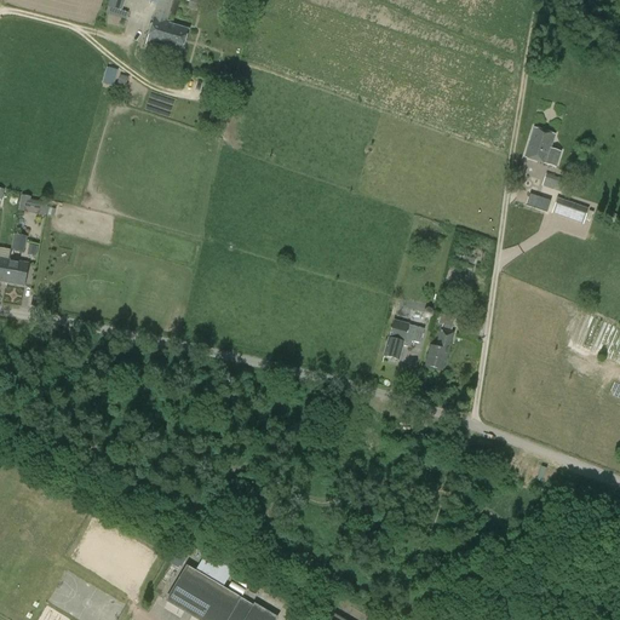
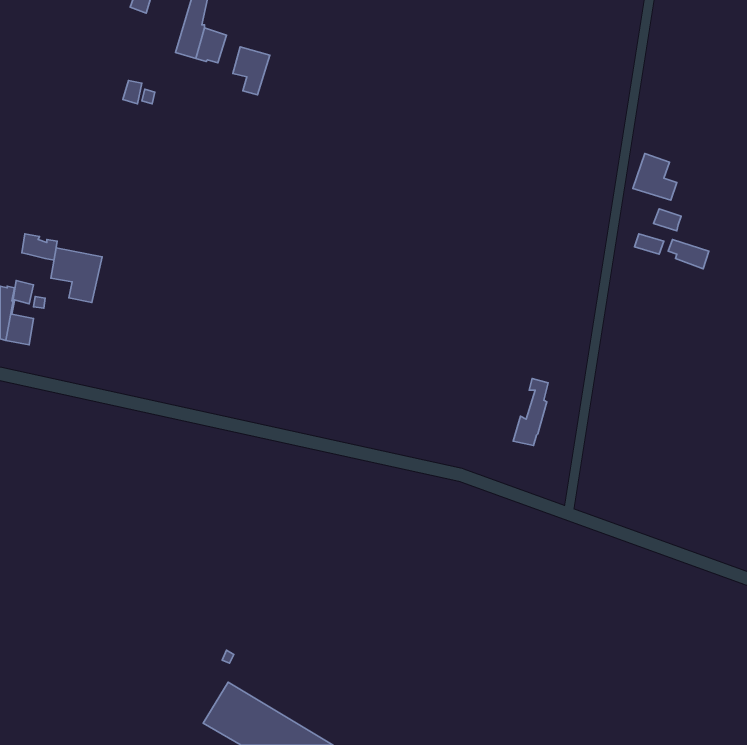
building: none -> [233,47,270,95]
building: none -> [51,248,102,302]
building: [385,318,424,358] -> none

